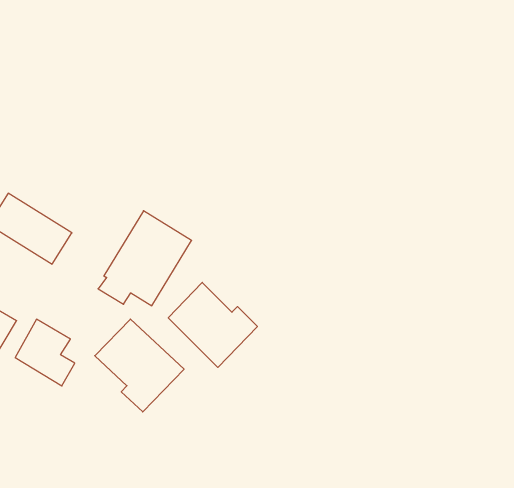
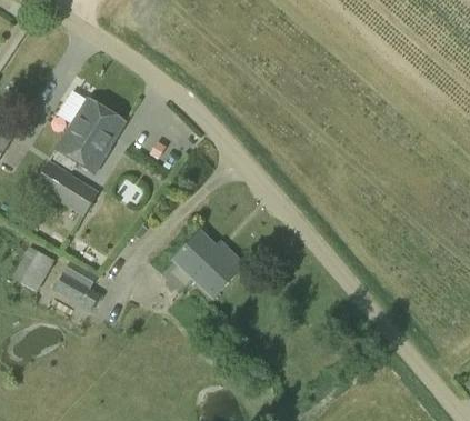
building: [98,211,192,306] -> [51,97,124,171]
building: [95,319,184,412] -> none

